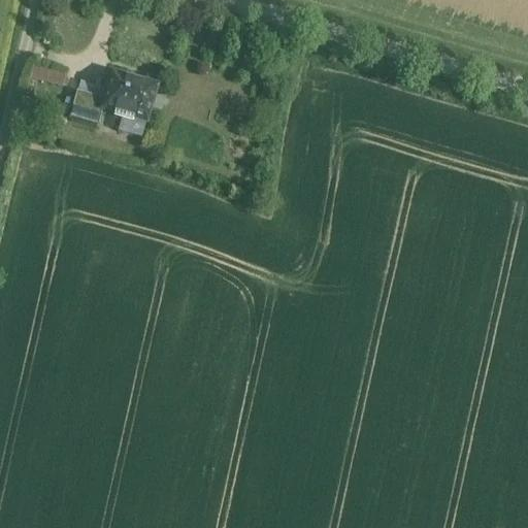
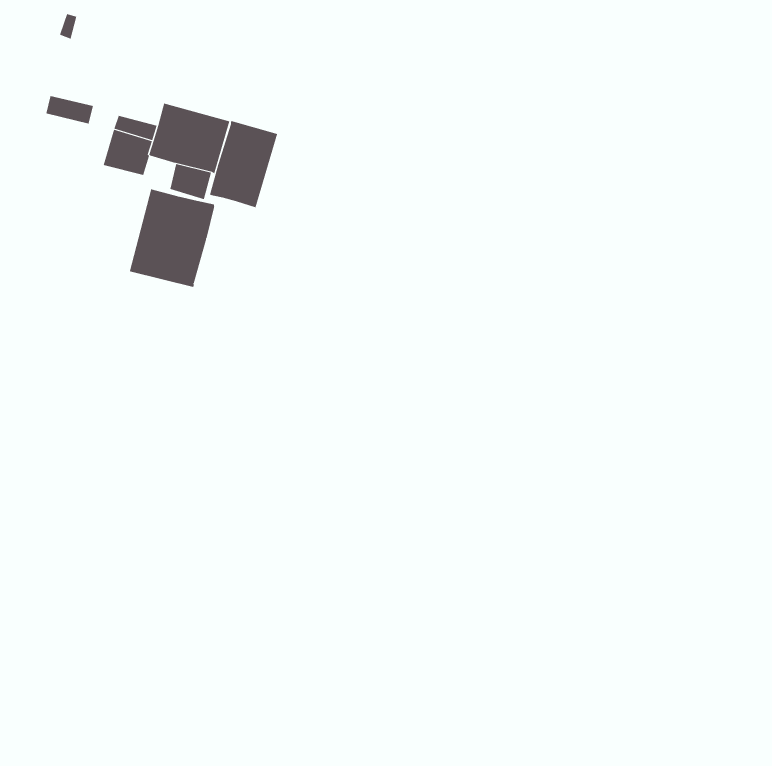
building: none -> [210,120,278,208]
building: none -> [129,189,215,288]

